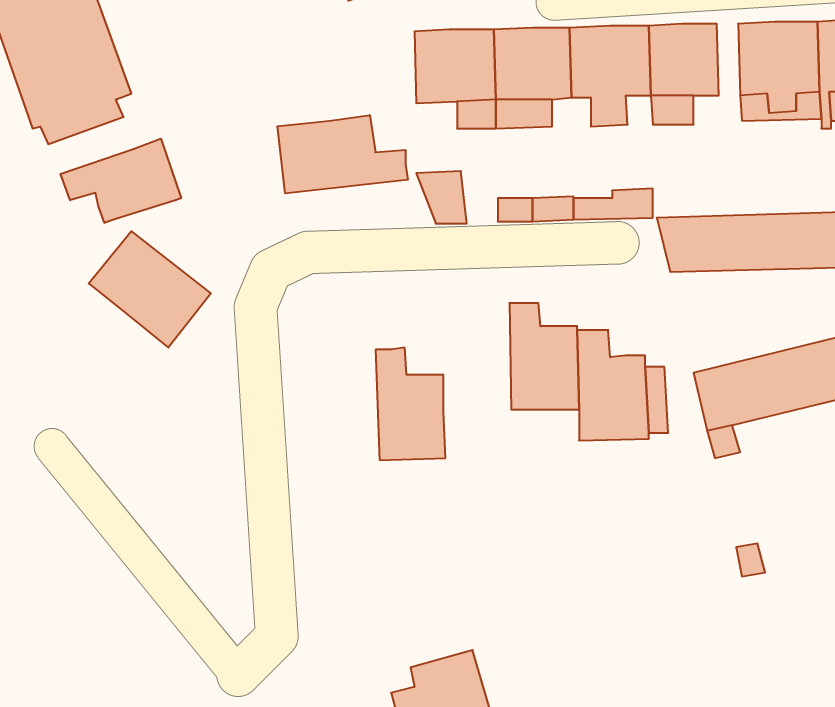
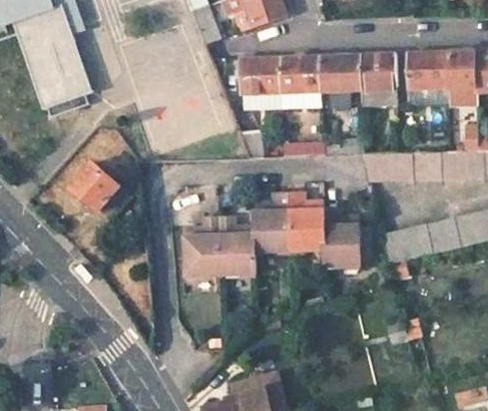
building: [277,115,408,193] -> none
building: [60,139,181,223] -> none
building: none -> [252,197,288,254]
building: none -> [180,222,219,280]

